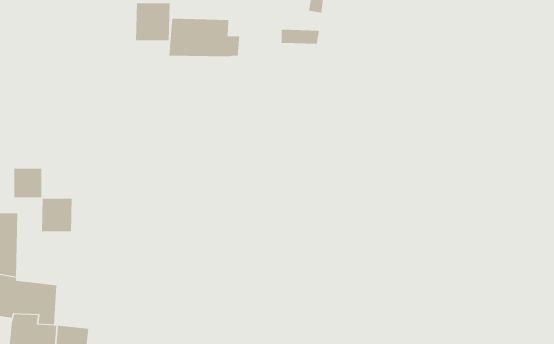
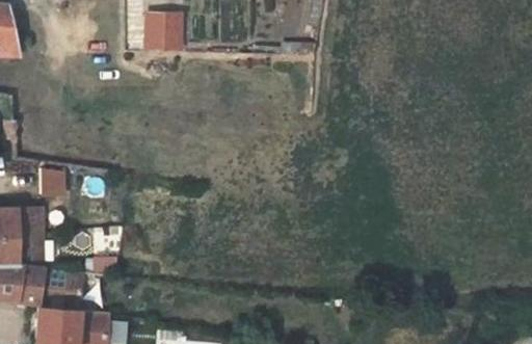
building: [169,18,240,57] -> none
building: [41,198,72,232] -> none

